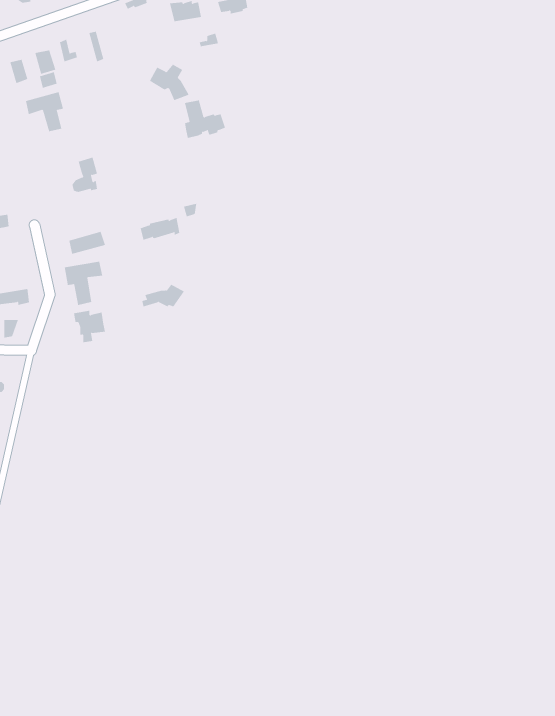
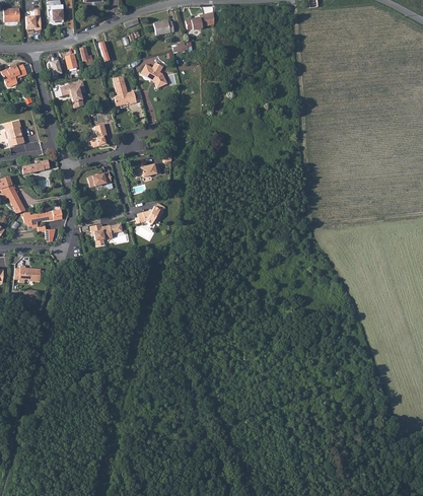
building: [184,100,226,139] -> [114,80,141,105]
building: [64,261,103,306] -> none

